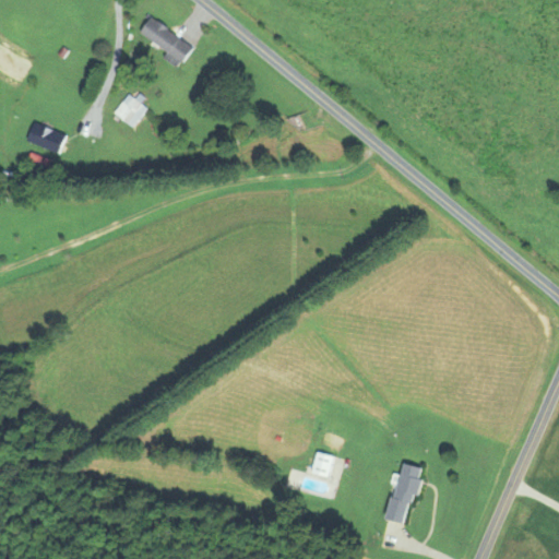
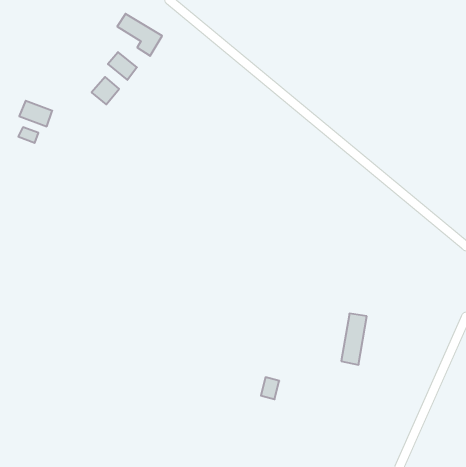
building: none -> [108,52,137,80]
building: [391,462,421,523] -> [341,314,367,365]

